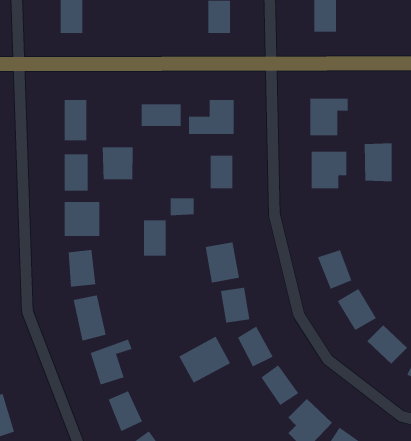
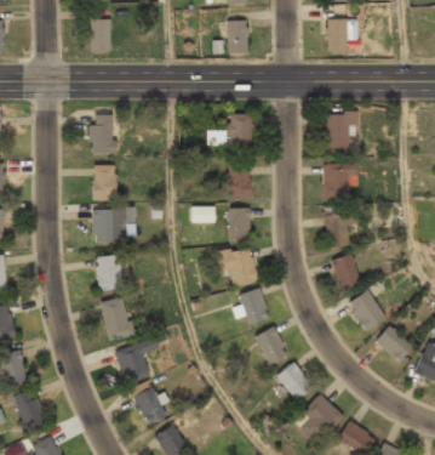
building: [141,104,181,127] -> none
building: [364,143,392,182] -> none
building: [102,146,133,180] -> none
building: none -> [326,212,357,249]
building: [143,220,167,256] -> [229,207,251,241]
building: [178,336,231,384] -> none

